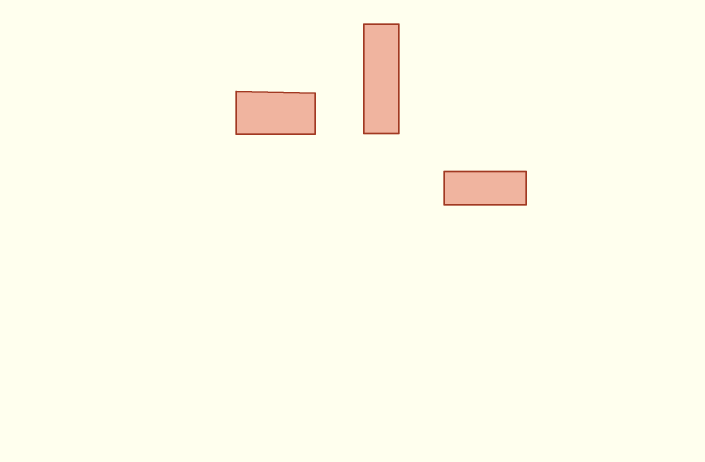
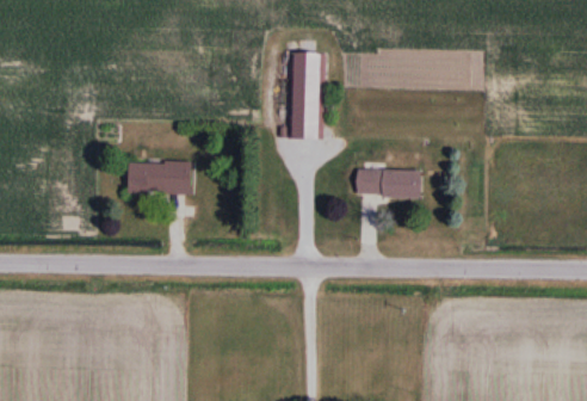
building: [236,92,315,134] -> [129,162,191,196]

